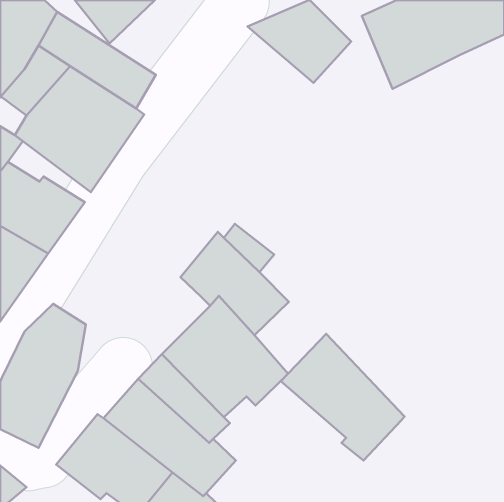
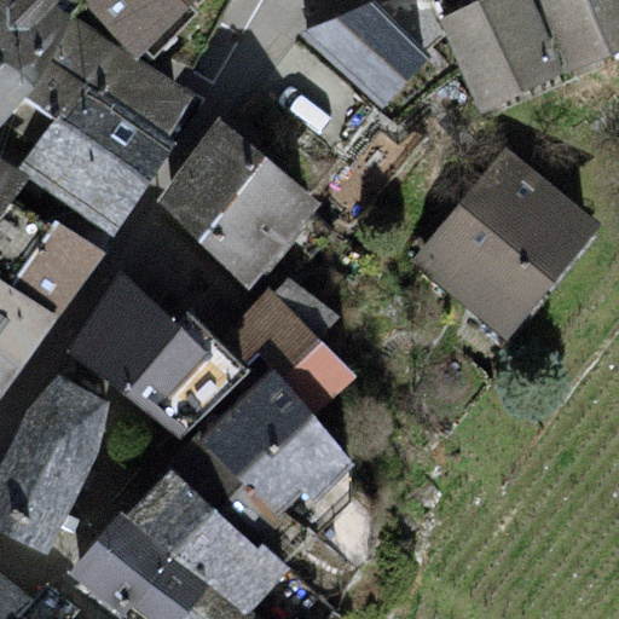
building: none -> [160,122,313,284]
building: none -> [415,151,591,332]
building: none -> [68,268,247,440]
building: [281,334,404,461] -> none

